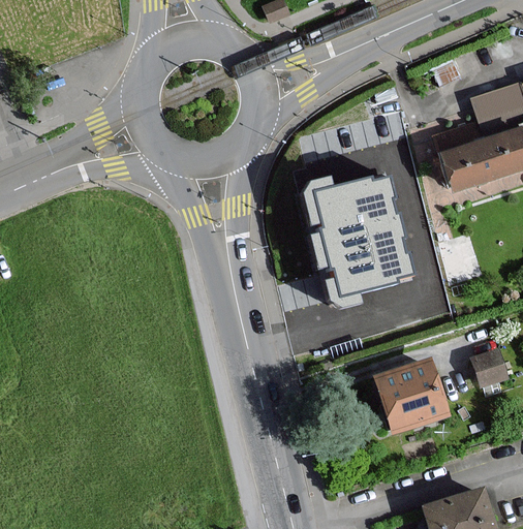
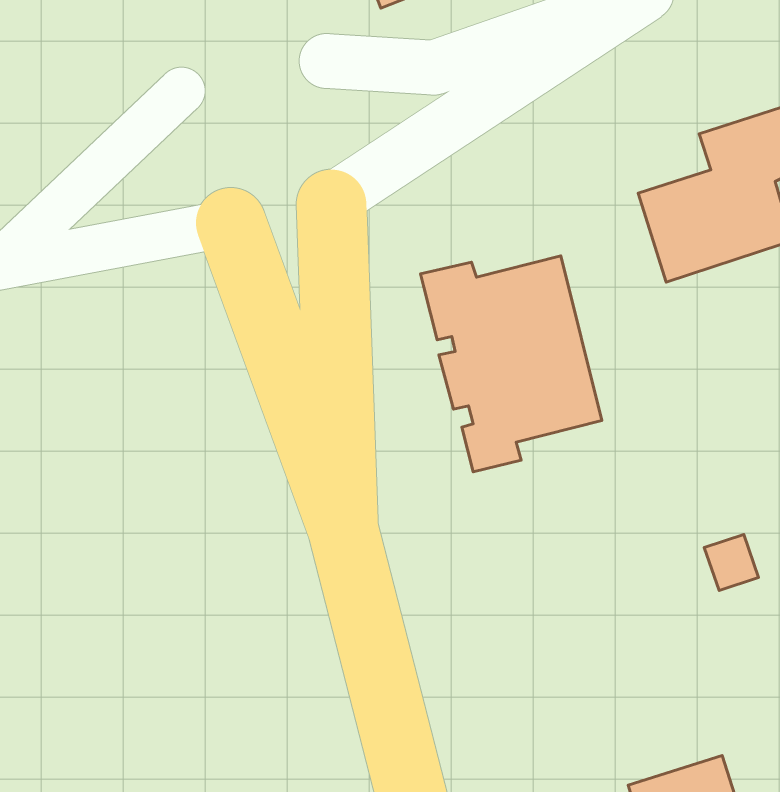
building: [379,360,449,430] -> none

